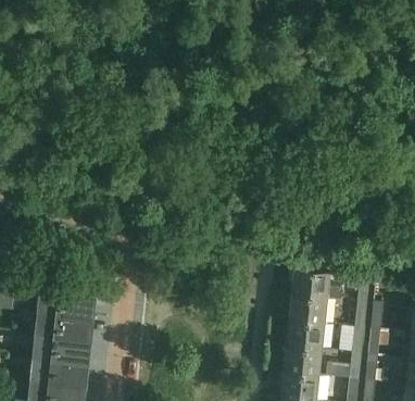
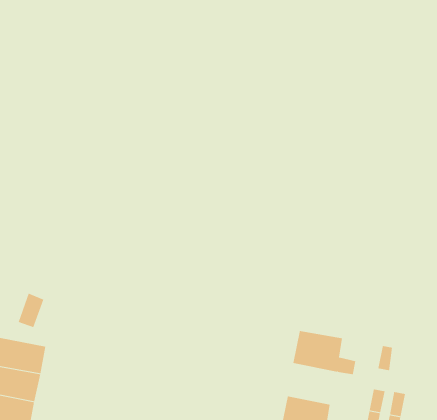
building: [289,298,327,328] -> none

